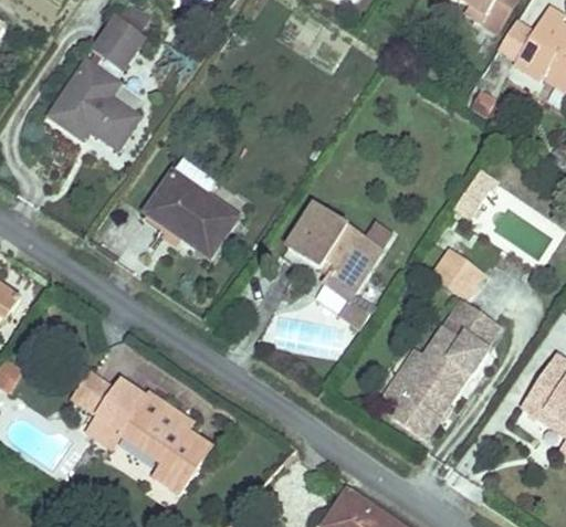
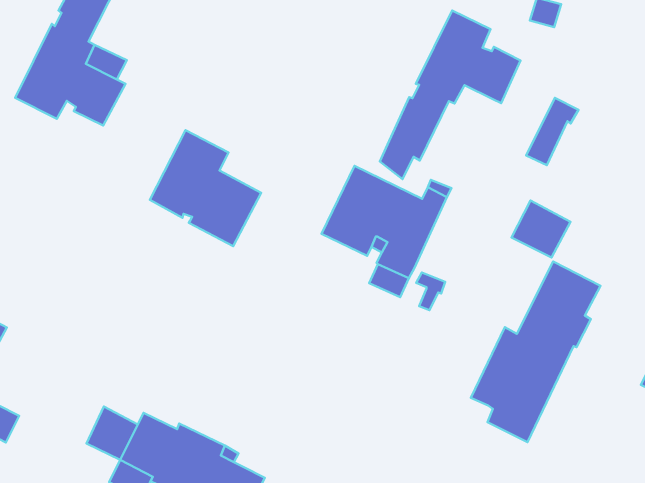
building: none -> [380,11,521,179]

